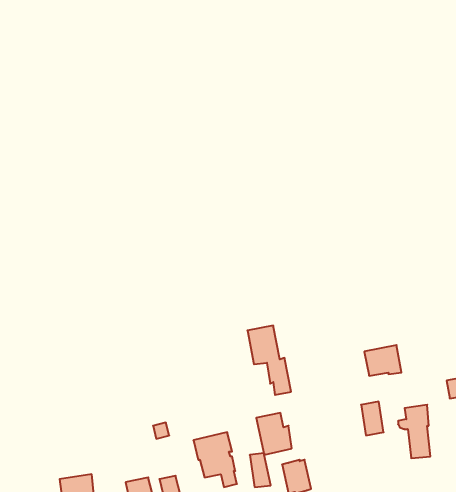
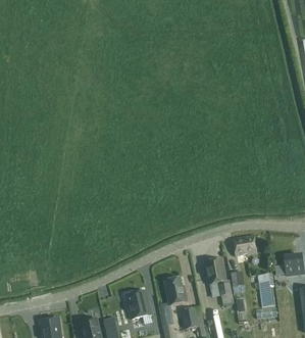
building: [247,326,291,395] -> [205,259,233,303]

